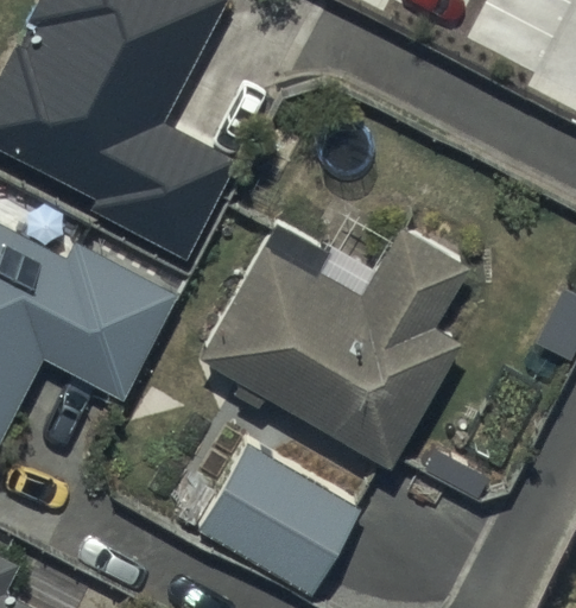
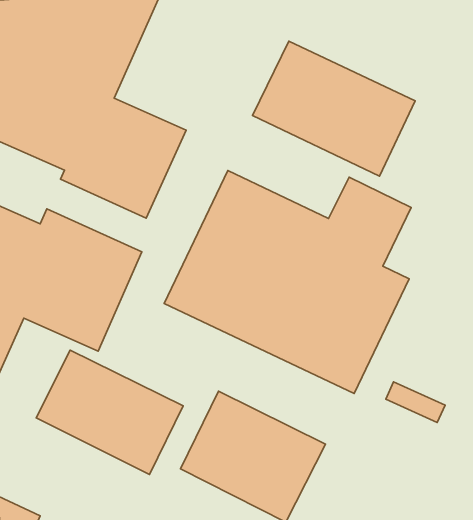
building: none -> [253,41,415,176]
building: none -> [36,350,183,474]

